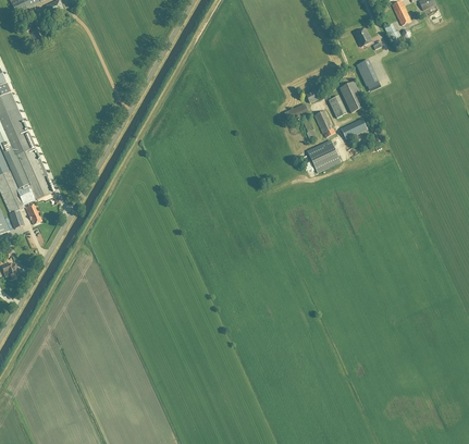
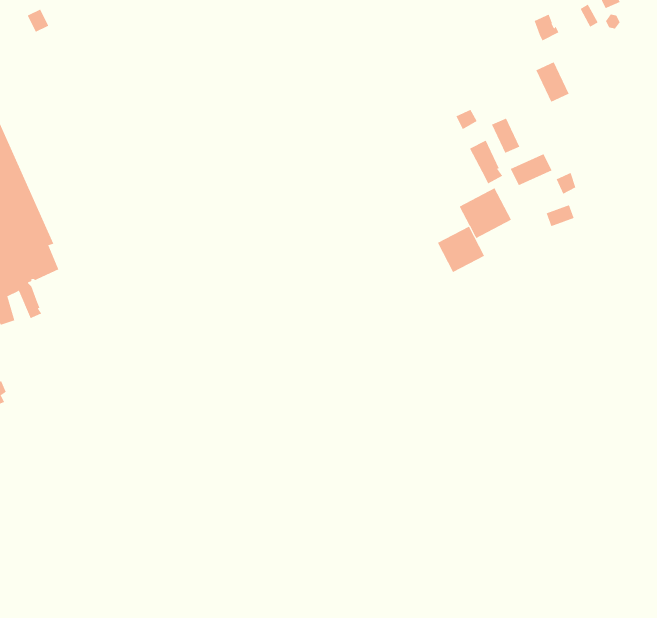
building: [338,81,365,112] -> none
building: none -> [437,226,485,273]

